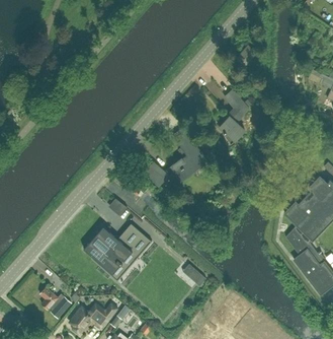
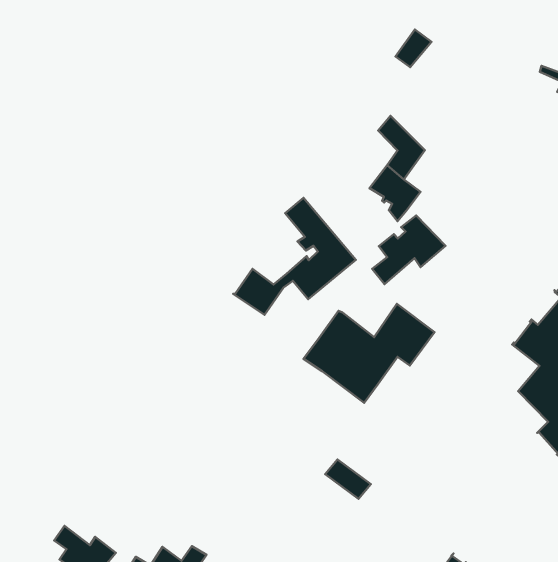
building: none -> [372,216,445,284]
building: [83,225,152,275] -> [303,304,435,403]

